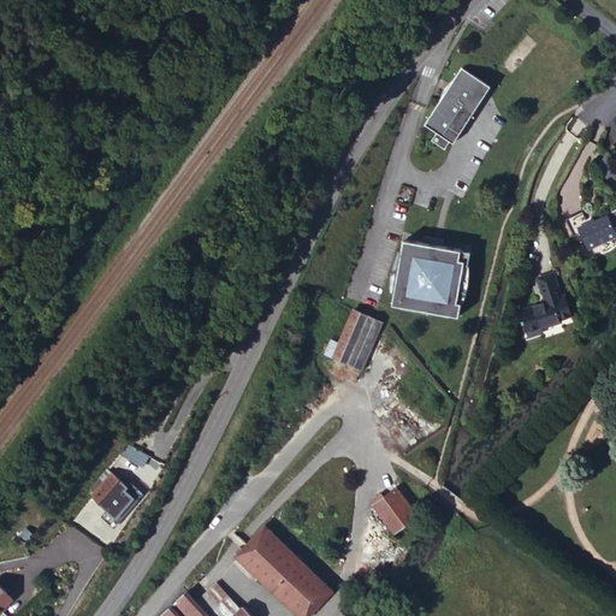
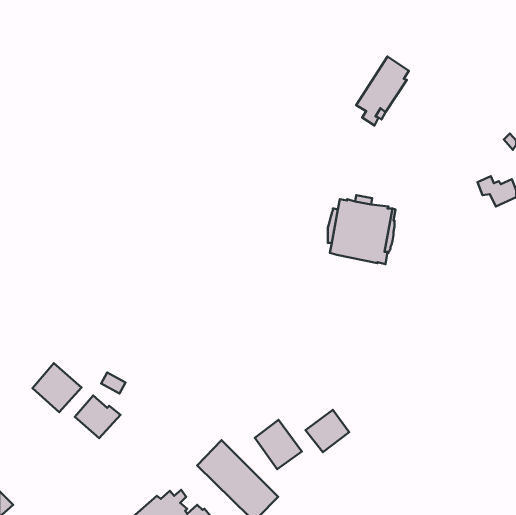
building: [521,274,570,337] -> none
building: [332,308,381,368] -> none
building: none -> [32,363,82,412]
building: none -> [255,420,302,469]

